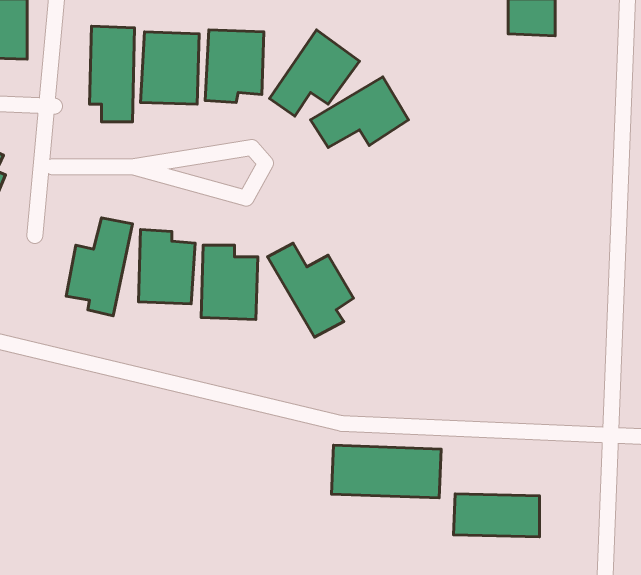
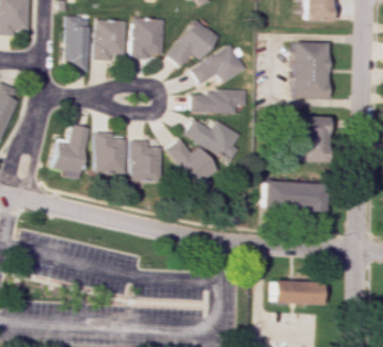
building: none -> [294,41,329,97]
building: none -> [192,88,247,113]
building: none -> [299,115,329,161]
building: none -> [185,117,242,158]
building: [332,445,441,498] -> [264,180,326,210]

